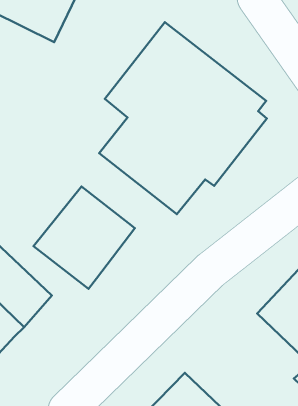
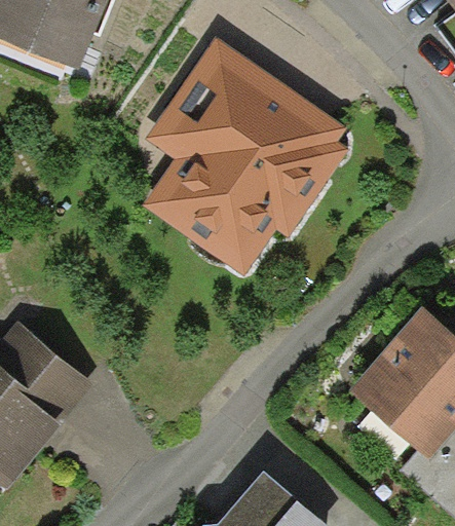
building: [34,186,135,289] -> none

